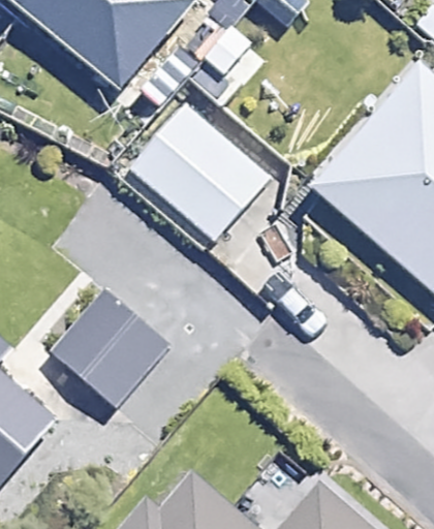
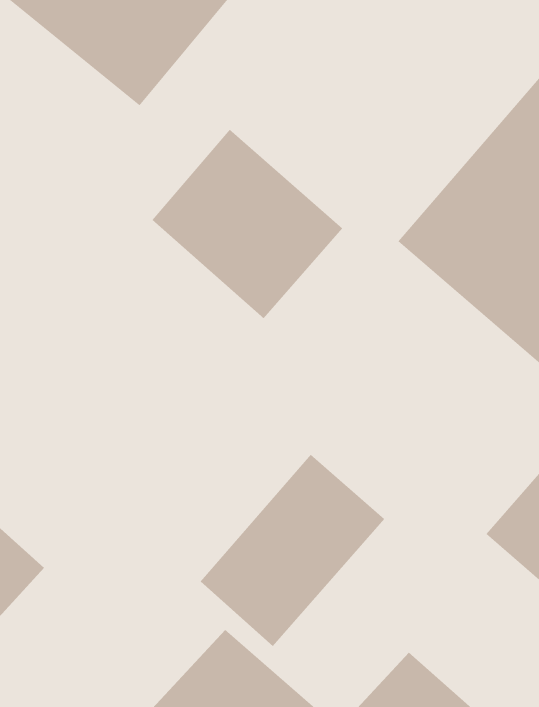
building: [43,284,169,407] -> none
building: none -> [200,454,385,647]

